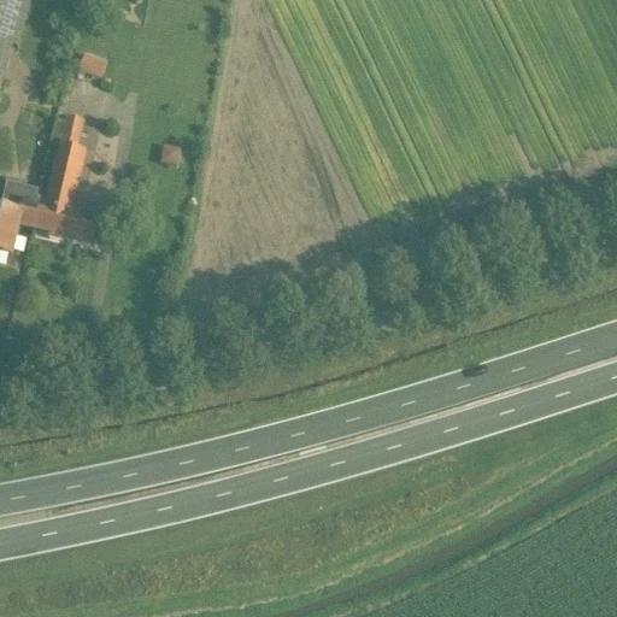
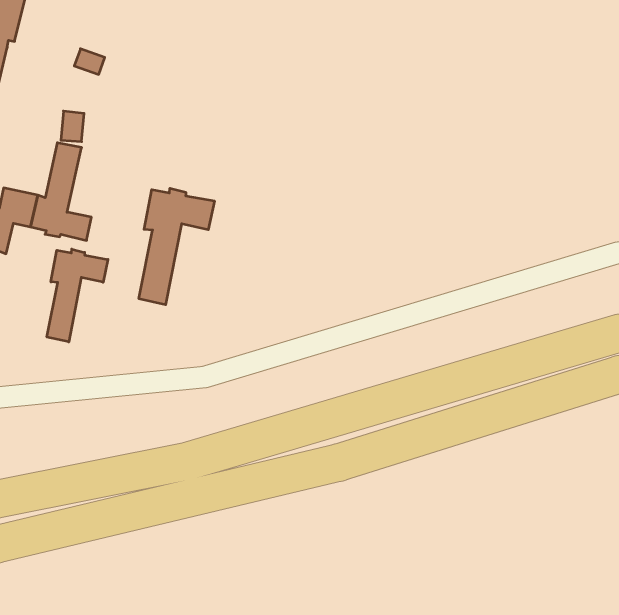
building: none -> [139,188,214,305]
building: none -> [47,249,108,342]

